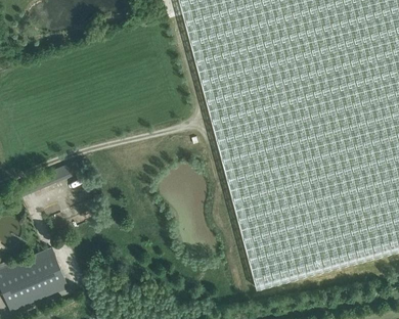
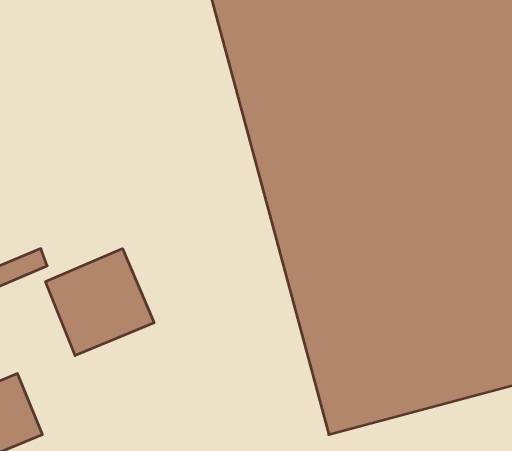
building: none -> [46,249,154,356]

